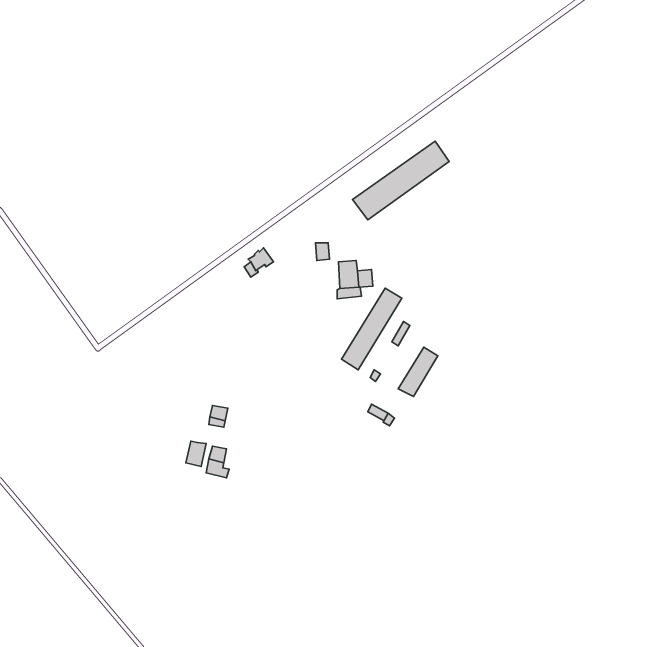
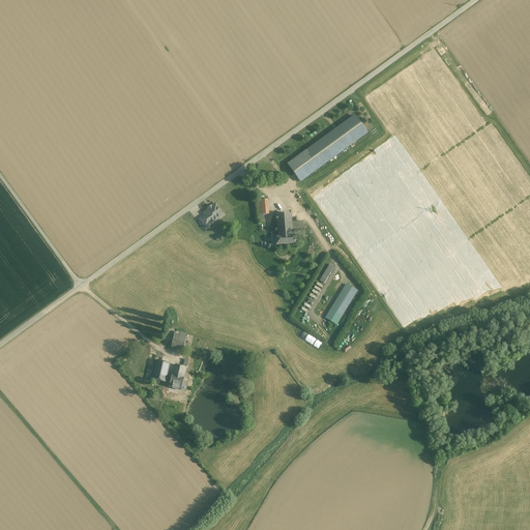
building: [341,288,402,370] -> none

